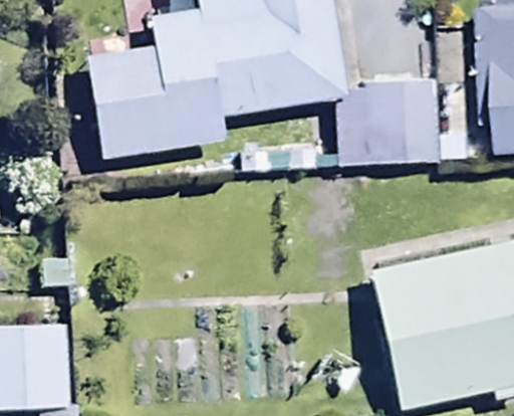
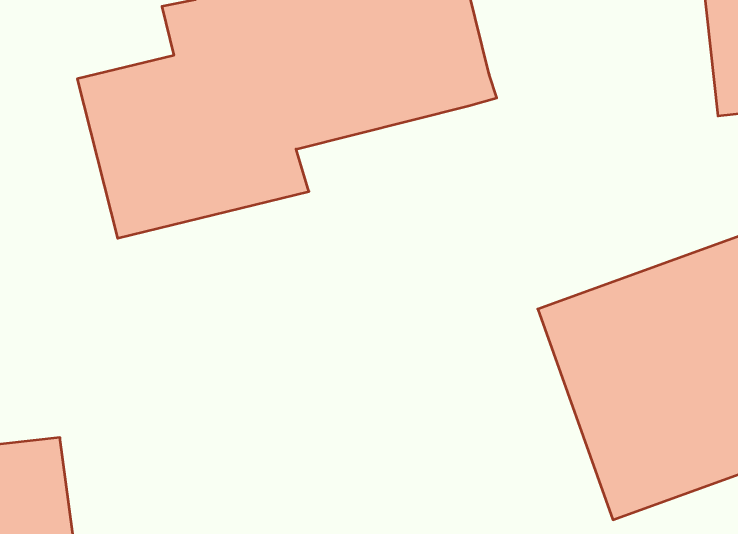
building: [331,84,443,166] -> none

